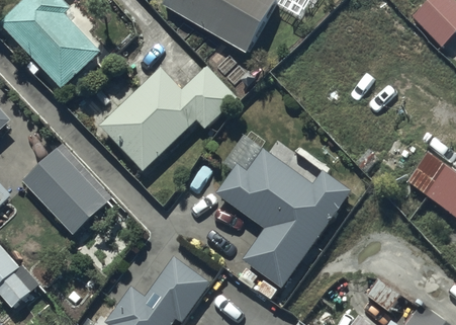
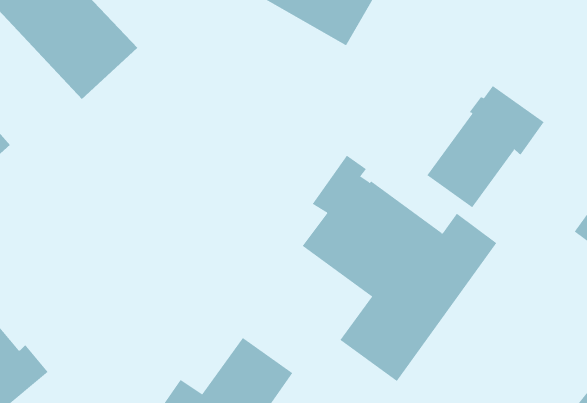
building: [99,66,238,172] -> none
building: none -> [426,85,545,208]
building: [21,148,107,235] -> none

